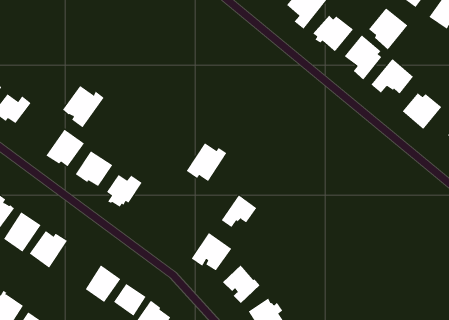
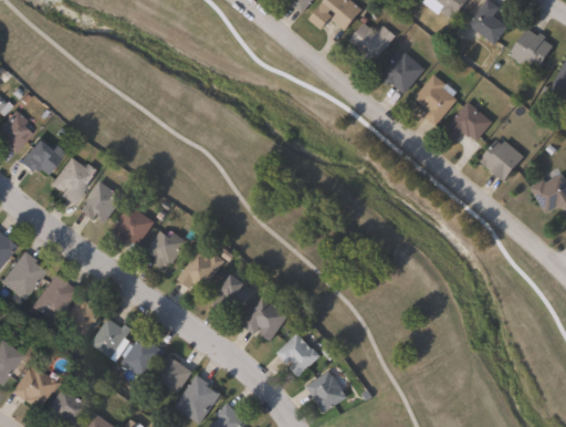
building: [368,7,408,50] -> none
building: [62,85,104,128] -> [50,156,97,205]
building: [186,142,227,182] -> [178,248,224,292]
building: [221,195,257,228] -> [212,275,253,313]
building: none -> [90,316,132,360]

